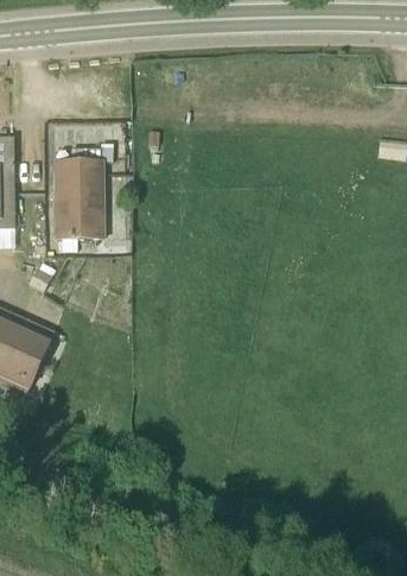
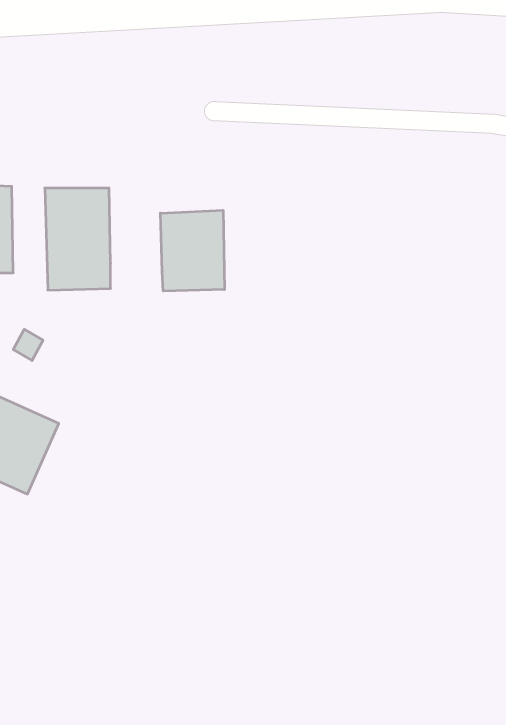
building: none -> [160,210,224,291]

